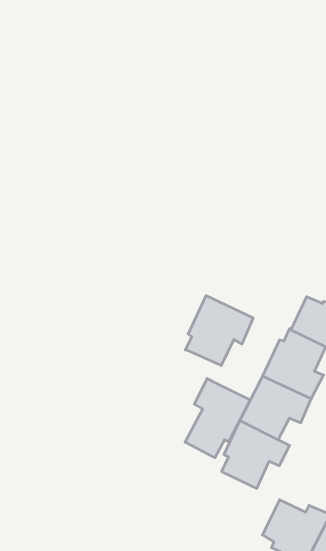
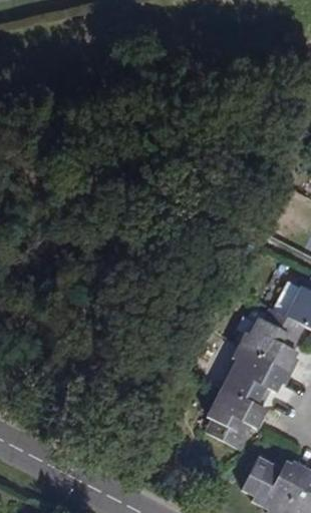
building: [185,296,253,366] -> none
building: [185,378,250,458] -> none

